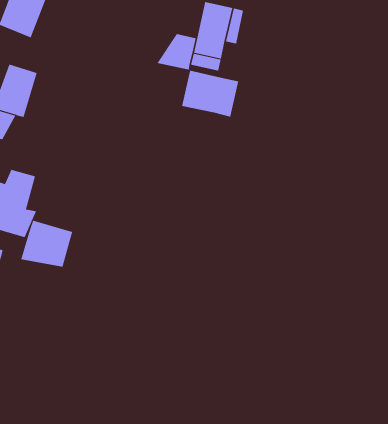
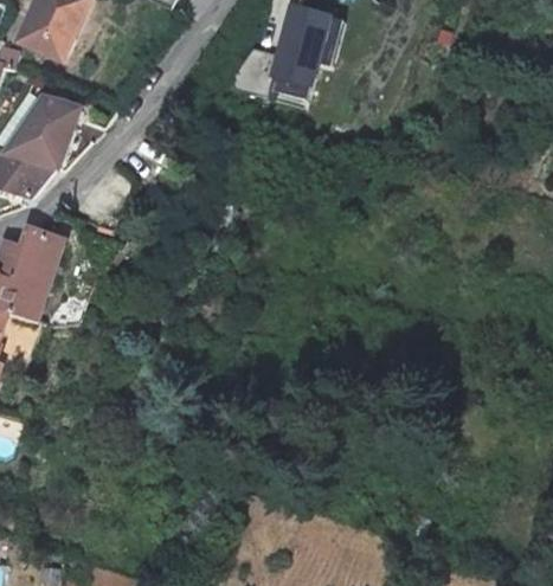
building: [182,70,239,117] -> none
building: [21,220,73,268] -> none

